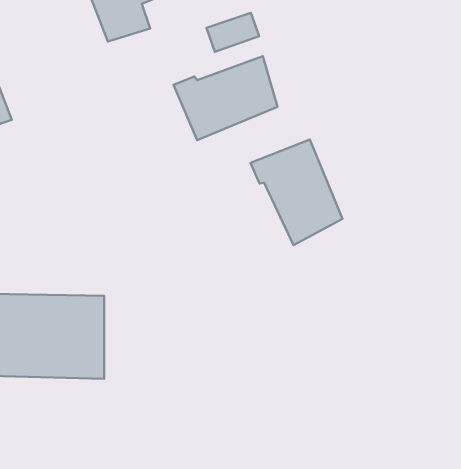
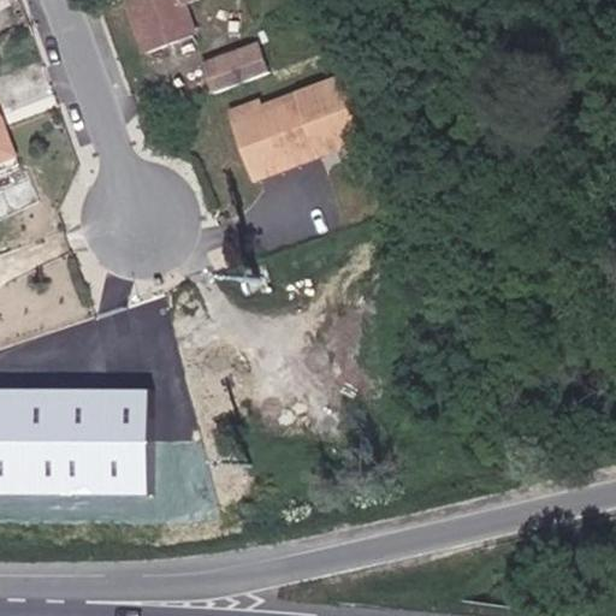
building: [207,13,259,52] -> [199,43,267,94]
building: [250,139,343,245] -> none

